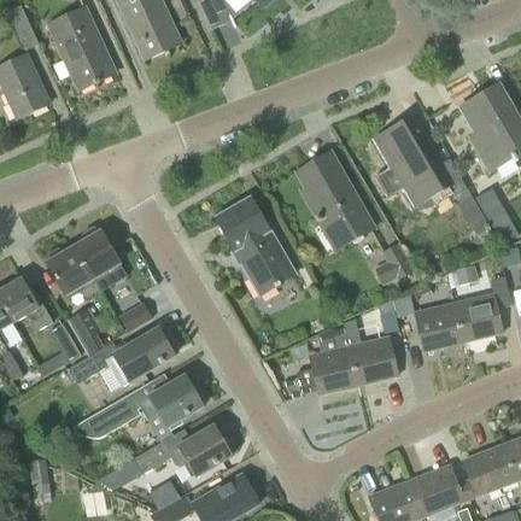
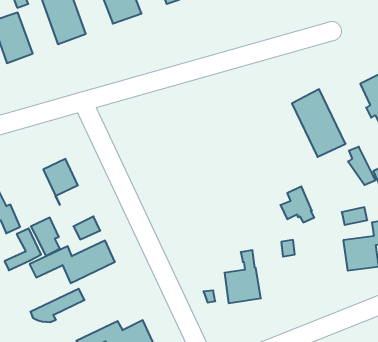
building: [297,152,373,246] -> none
building: [215,198,294,294] -> none
building: [46,247,99,297] -> none
building: [416,304,464,350] -> none
building: [350,338,397,385] -> none
building: [131,375,203,426] -> none

